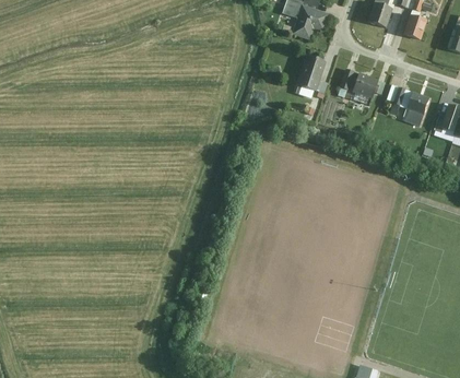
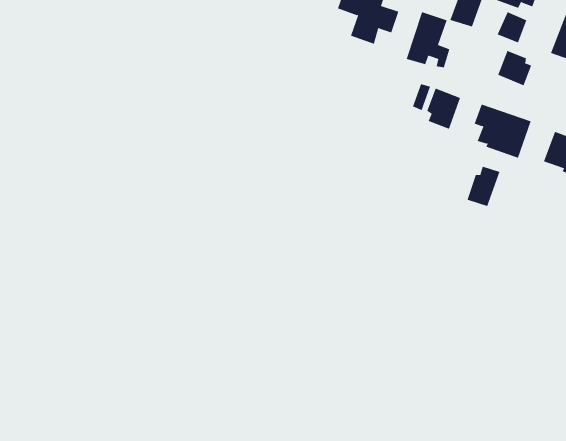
building: none -> [498,50,532,86]
building: [294,55,328,97] -> [406,12,450,68]
building: none -> [467,166,500,207]

